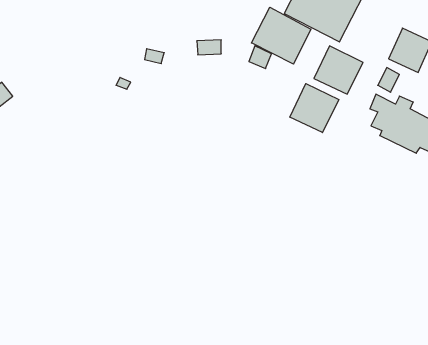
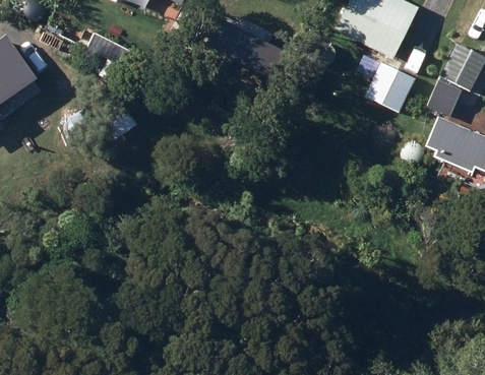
building: [251,7,311,64] -> none
building: [290,84,339,133] -> none

